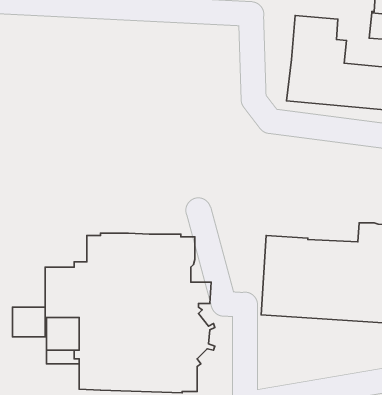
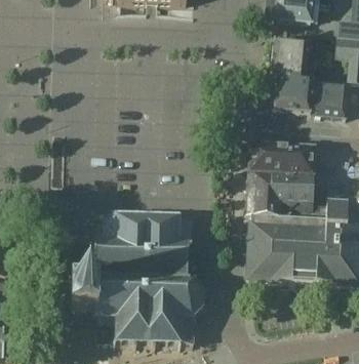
building: none -> [246,144,312,217]
building: [12,307,45,337] -> none

